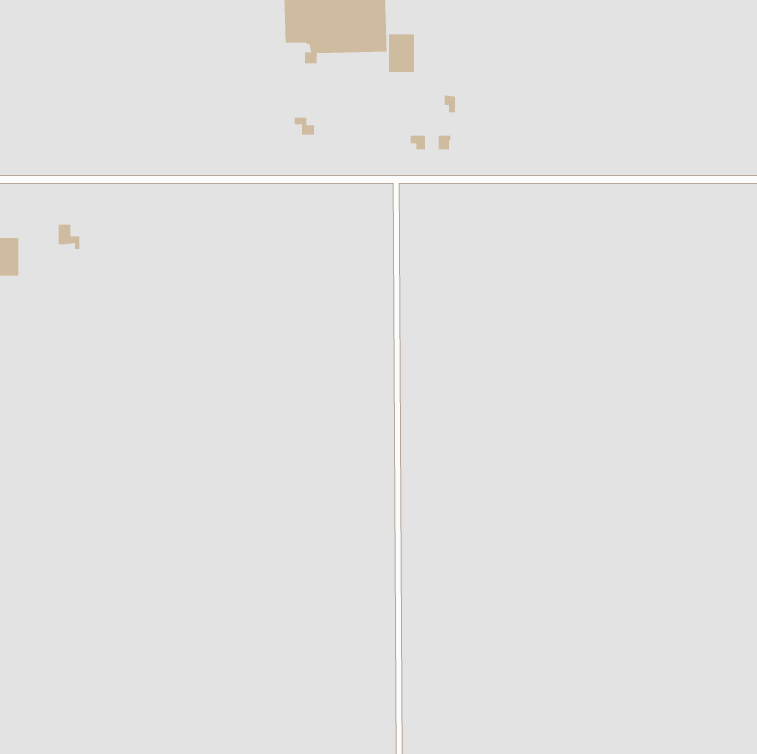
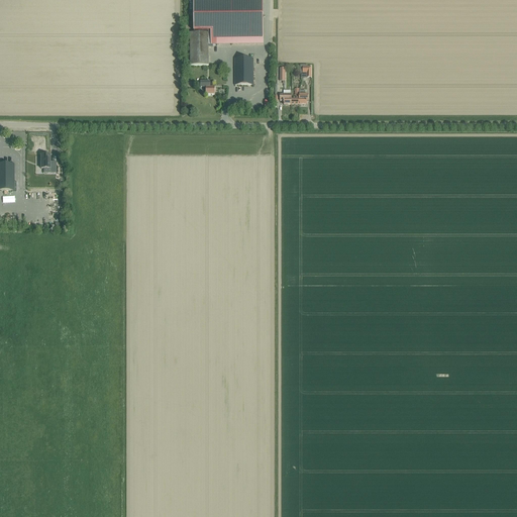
building: [388,34,415,72] -> [234,57,252,83]
building: none -> [189,30,211,63]

